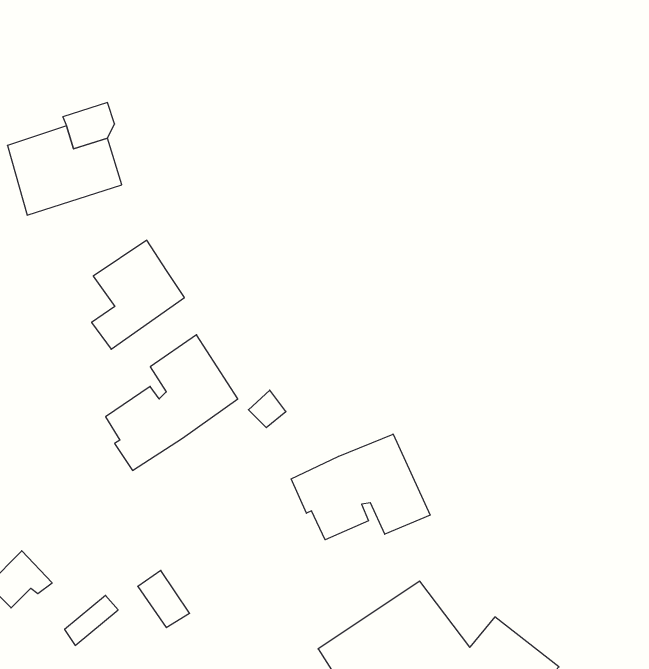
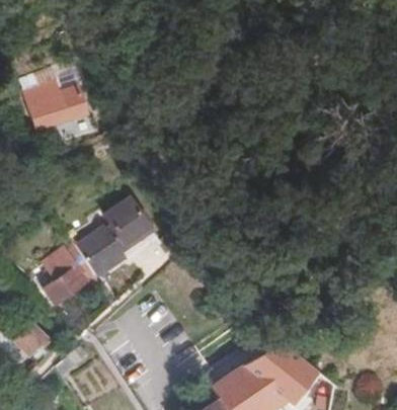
building: [92,240,184,349] -> [44,243,96,305]
building: [291,434,430,540] -> none

